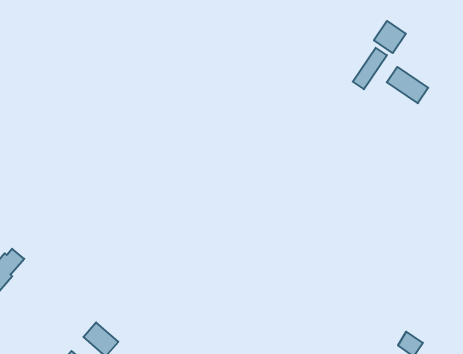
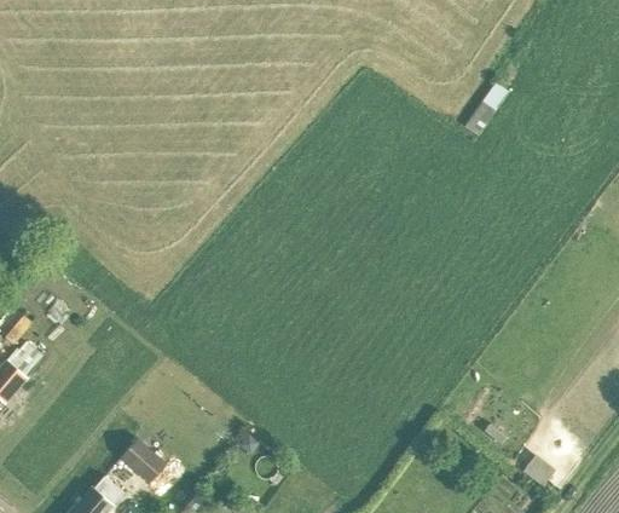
building: [374,21,406,53] -> none
building: [387,67,428,103] -> none

